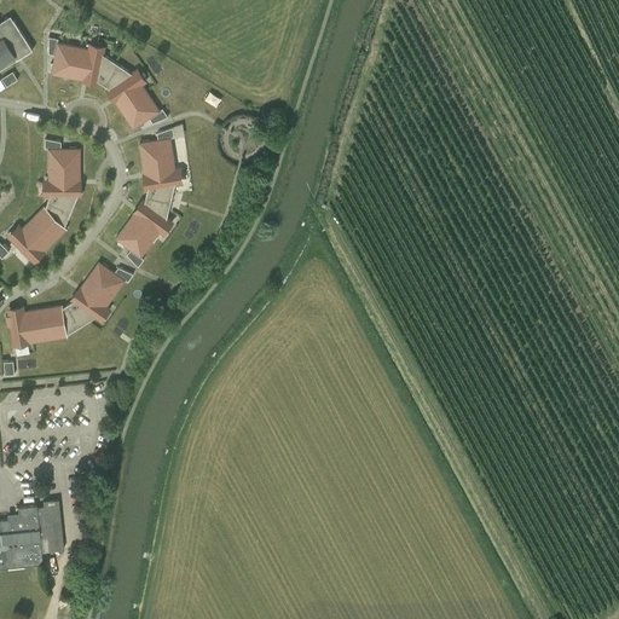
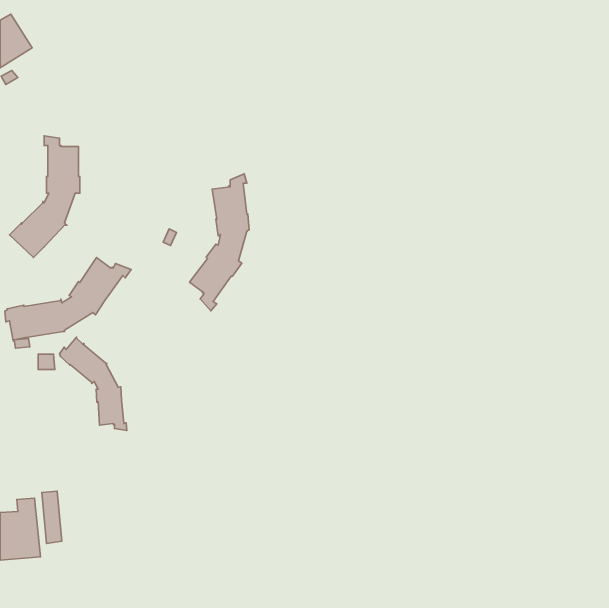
building: [48,39,168,128] -> none
building: [116,128,177,267] -> [189,174,249,311]
building: none -> [59,337,127,431]

